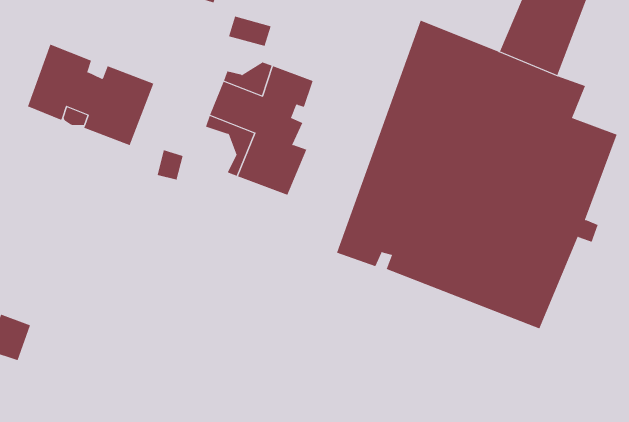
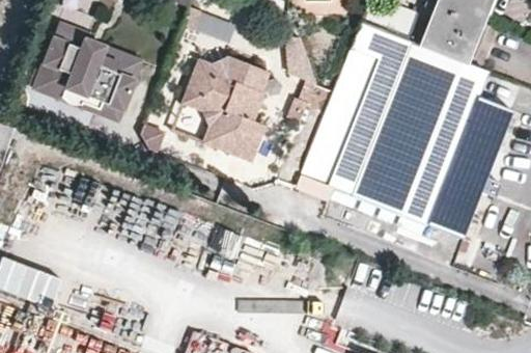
building: none -> [55,24,144,71]

